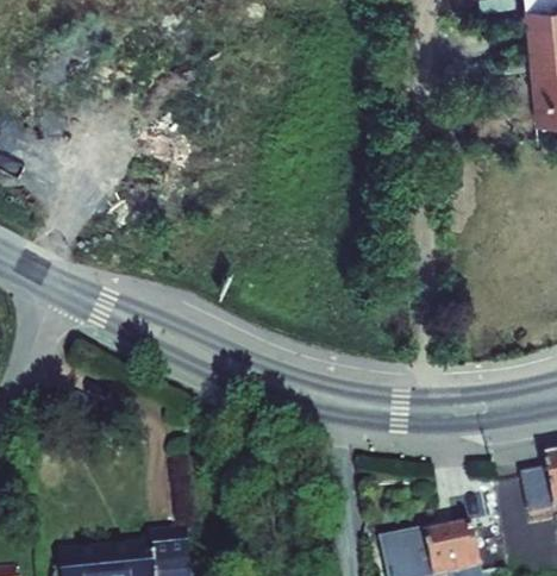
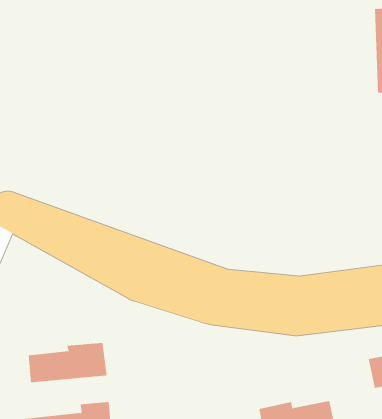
building: none -> [28,342,107,383]

